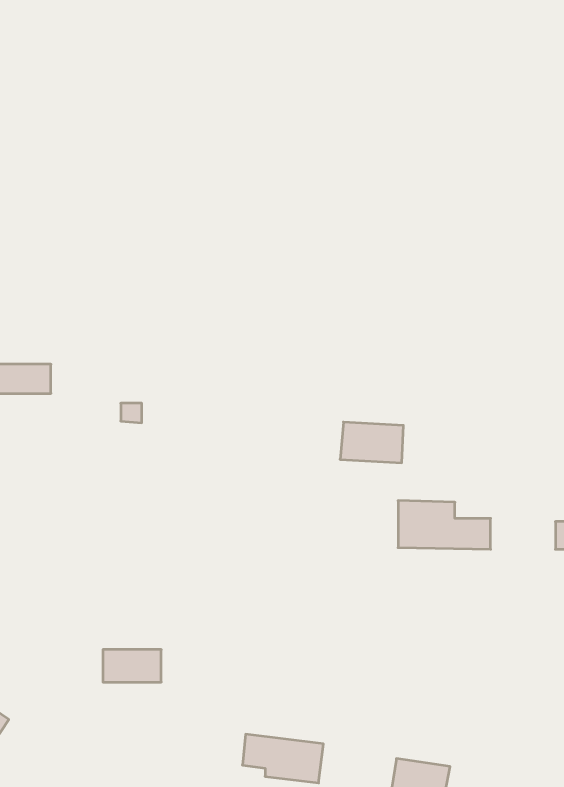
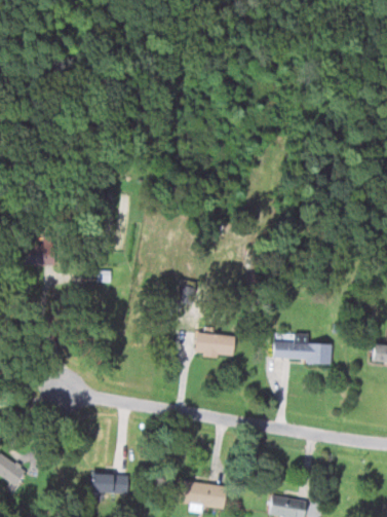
building: [340,422,403,463] -> [194,332,234,358]
building: [103,650,161,682] -> [91,472,128,492]

